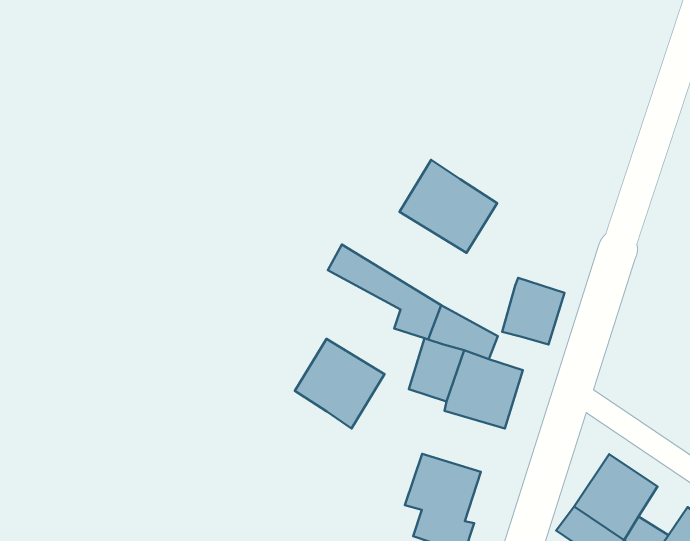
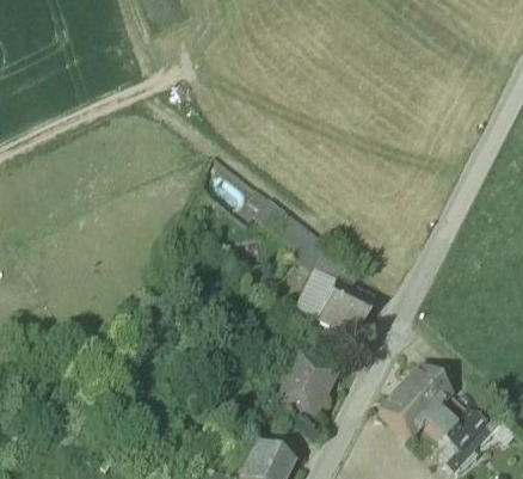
building: [400,160,497,253] -> none
building: [502,278,565,345] -> none
building: [295,339,385,428] -> none

